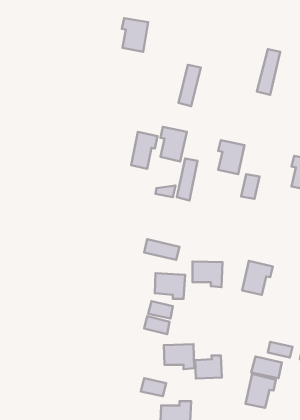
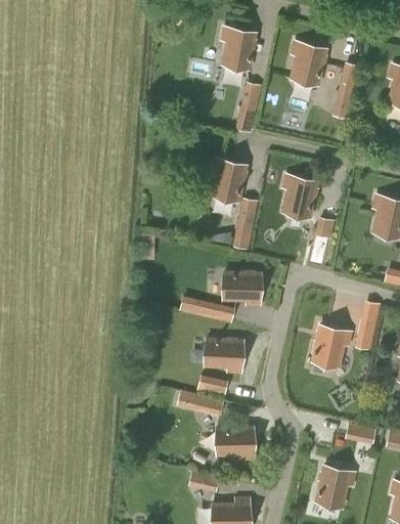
building: [122,18,148,52] -> [221,28,254,70]
building: none -> [292,42,324,85]
building: [131,132,157,169] -> none
building: none -> [354,300,381,350]
building: [193,261,222,287] -> [223,273,260,305]
building: [195,355,222,378] -> none

